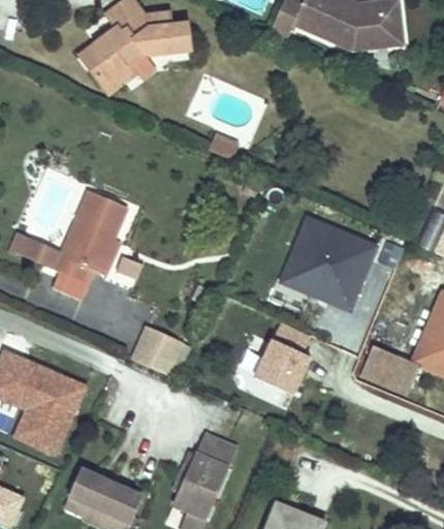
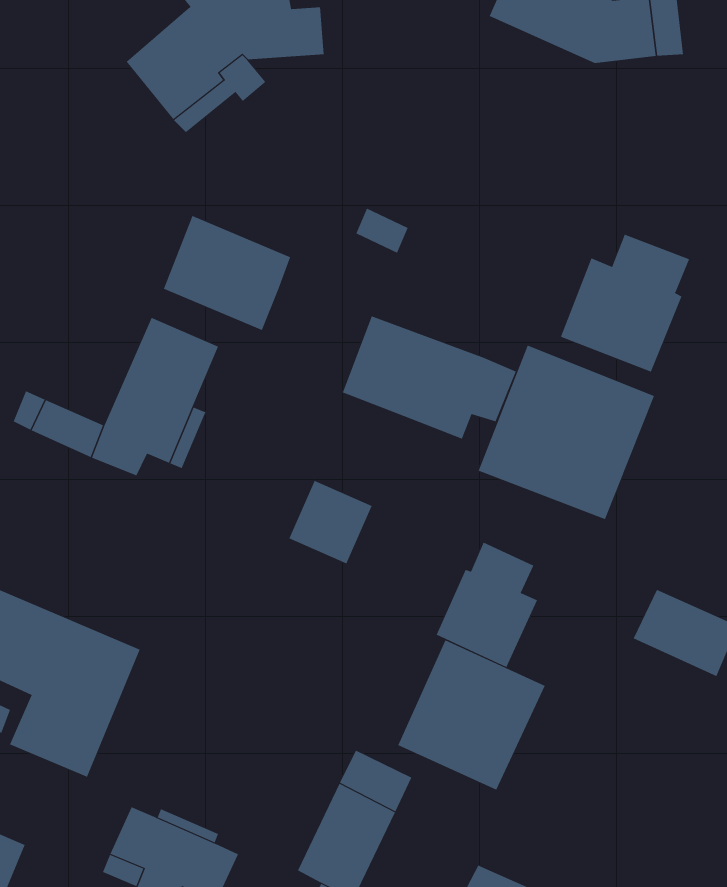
building: none -> [163,215,291,331]
building: none -> [560,234,690,372]
building: none -> [342,315,517,440]
building: [131,325,179,373] -> [289,480,372,564]
building: none -> [398,639,545,791]

